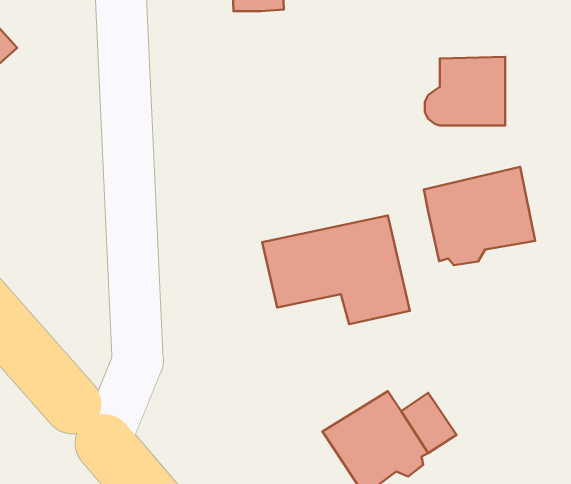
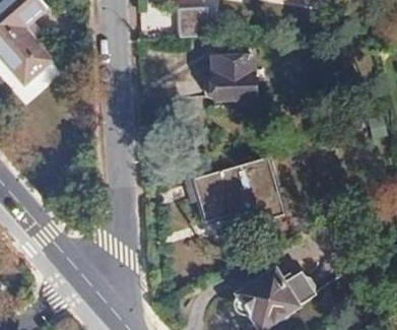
building: [425,57,505,125] -> [203,56,252,97]
building: [424,167,535,265] -> none

